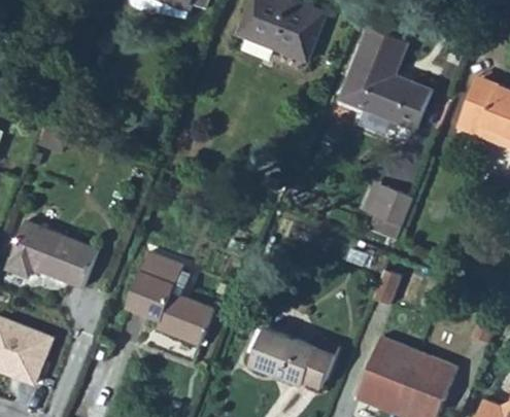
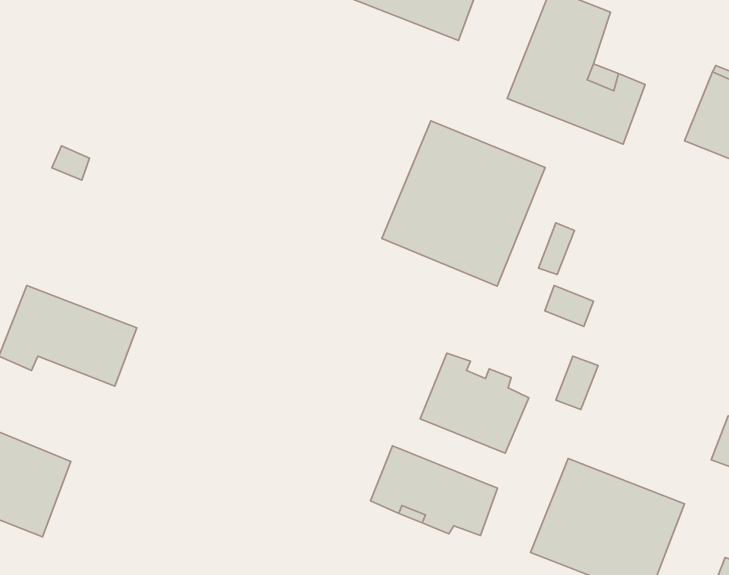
building: none -> [382,121,545,286]
building: [373,186,411,227] -> none
building: [127,253,213,345] -> none
building: none -> [420,353,529,453]

